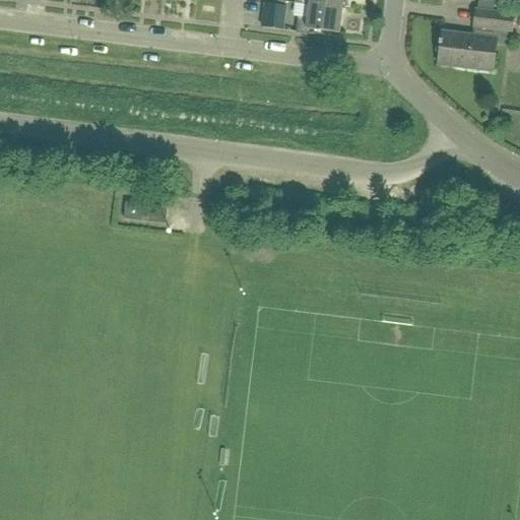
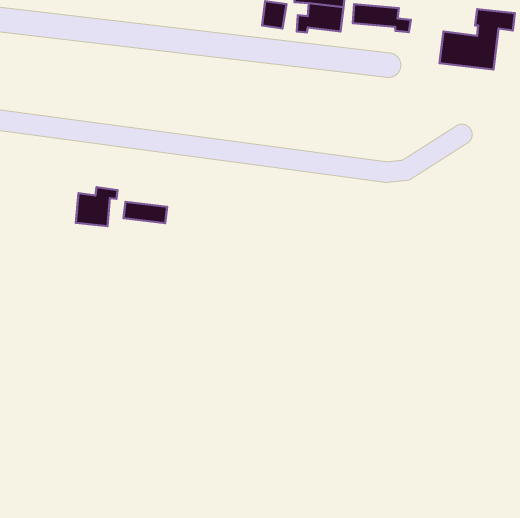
building: none -> [353,4,411,32]
building: none -> [76,187,117,226]

